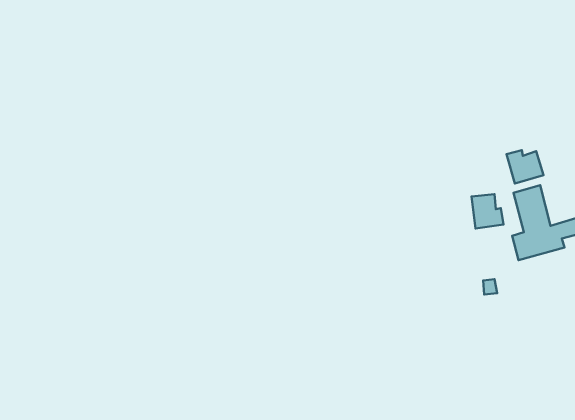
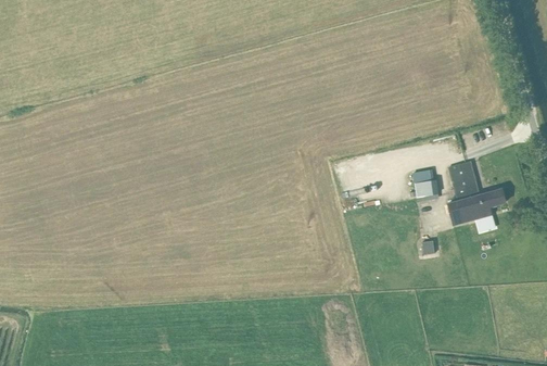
building: [507,150,543,184] -> none

